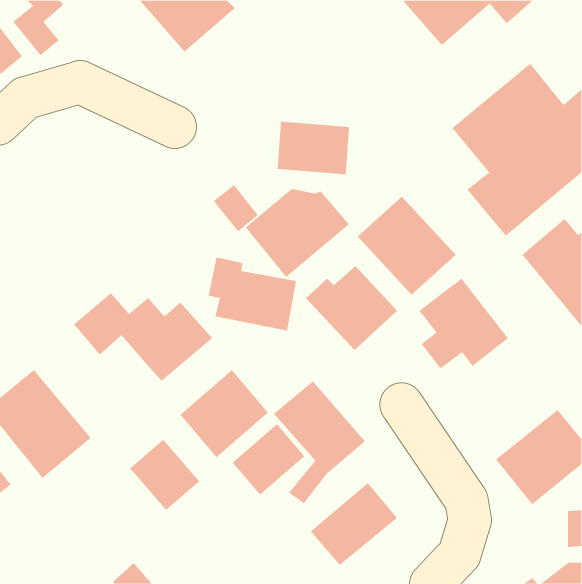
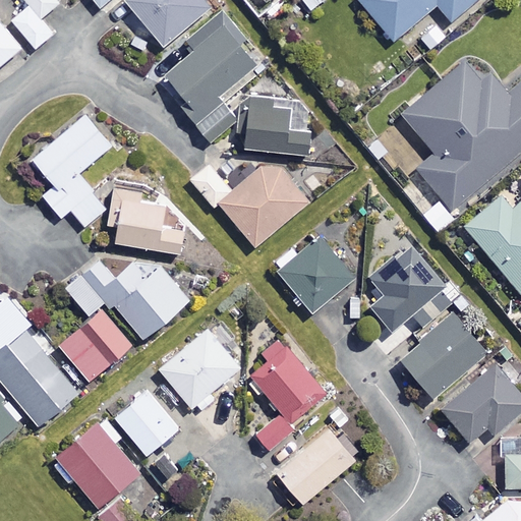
building: none -> [164,31,256,142]
building: none -> [33,116,111,226]
building: [357,196,456,296] -> none
building: [208,257,297,331] -> [107,189,186,255]
building: none -> [59,310,131,382]
building: none -> [401,314,485,398]
building: [232,423,305,496] -> none
building: none -> [56,425,137,508]

